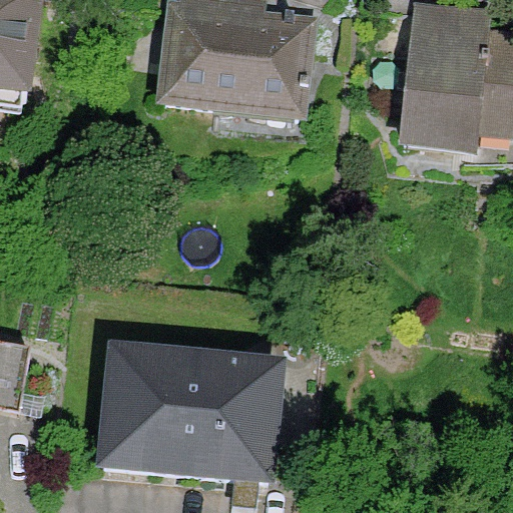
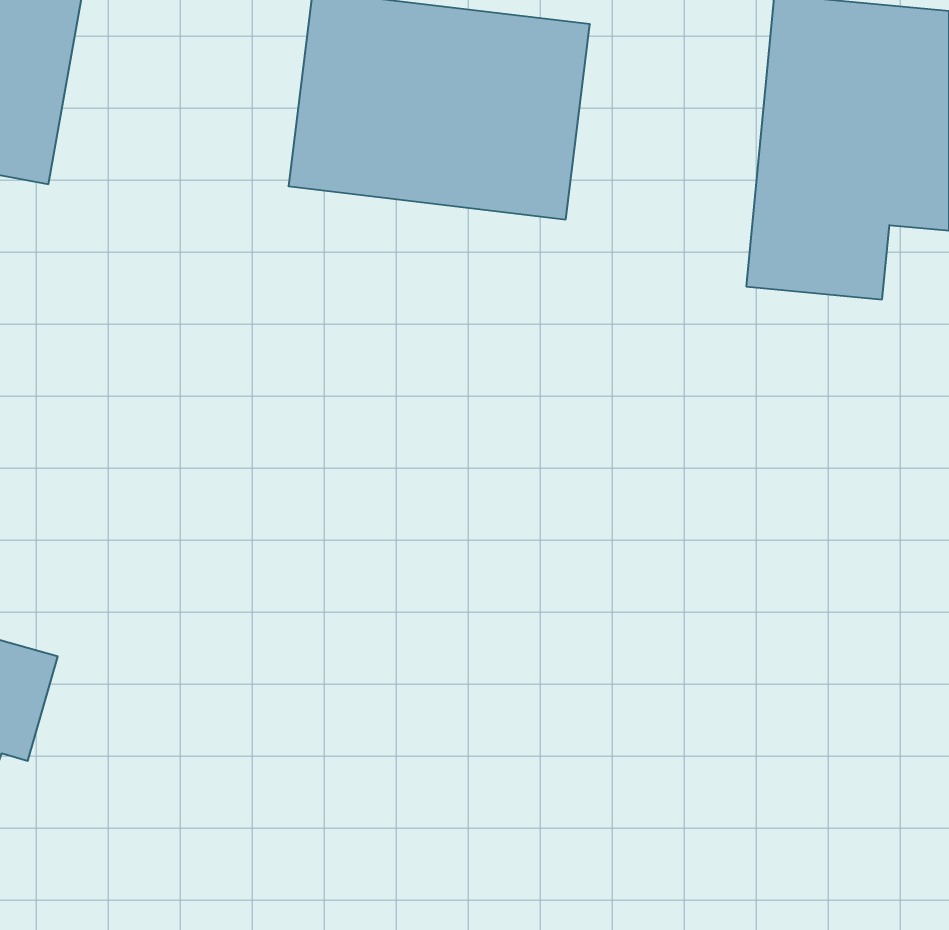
building: [95,350,282,481] -> none

